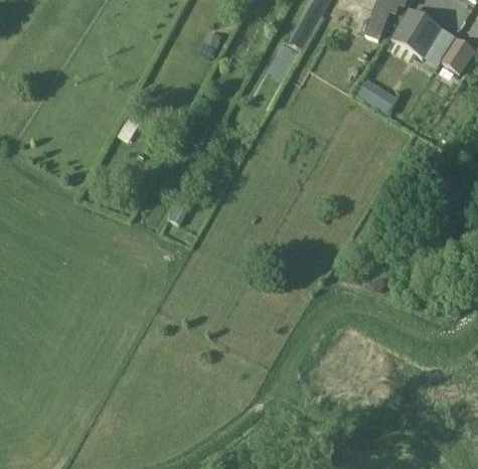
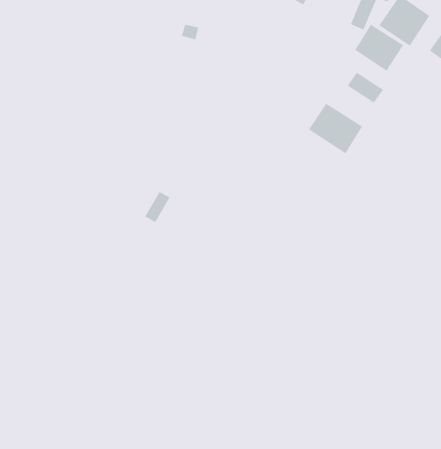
building: none -> [354,24,404,72]
building: none -> [308,103,363,154]

